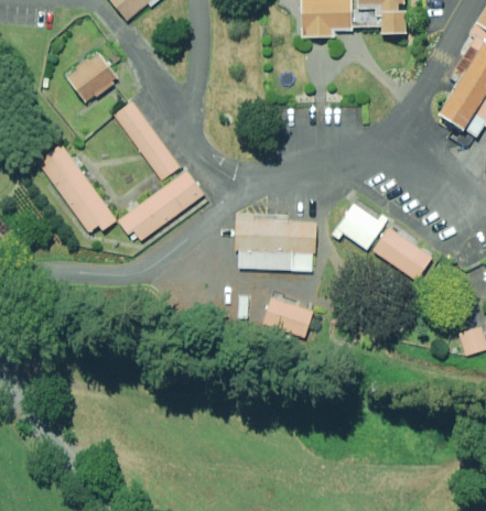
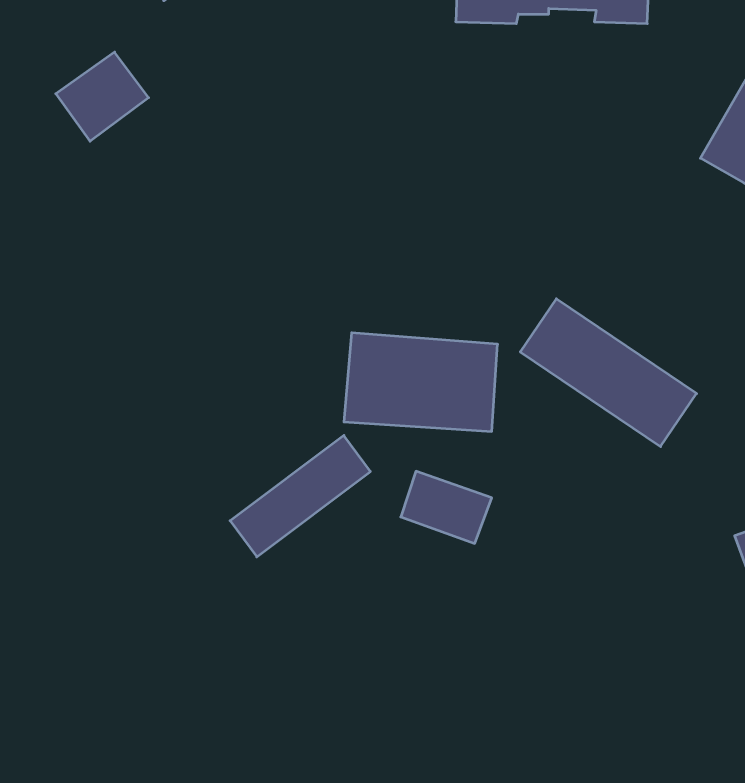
building: [112,101,182,181] -> none
building: [36,143,115,233] -> none
building: [121,173,203,243] -> [230,435,370,557]

